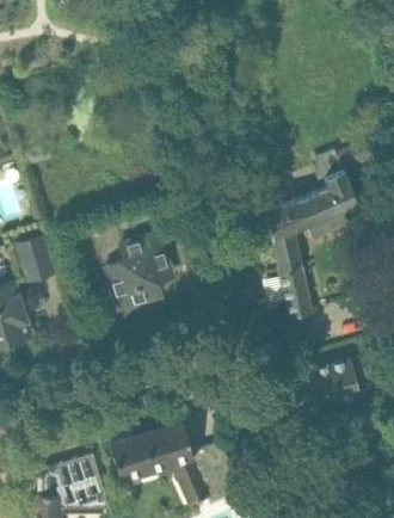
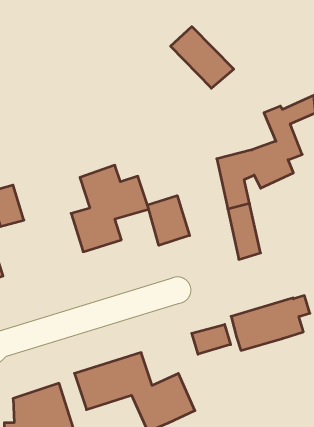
building: none -> [171,27,234,88]
building: none -> [148,196,190,245]
building: none -> [192,324,231,354]

